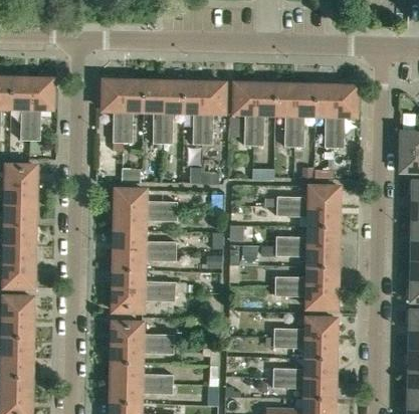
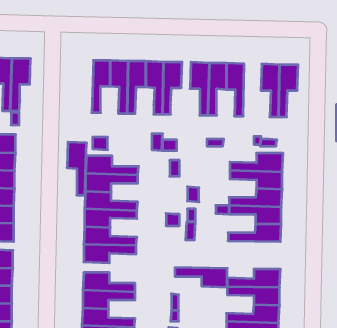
building: [101,79,124,140] -> [67,142,87,195]
building: [293,84,315,144] -> none
building: [276,285,336,307] -> [175,268,227,287]

